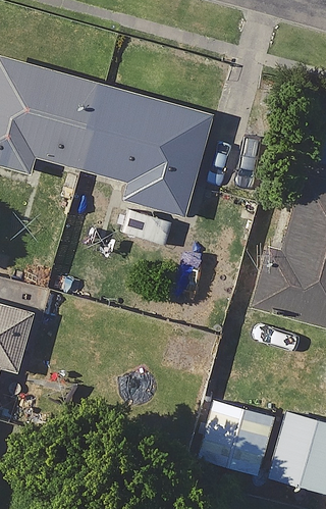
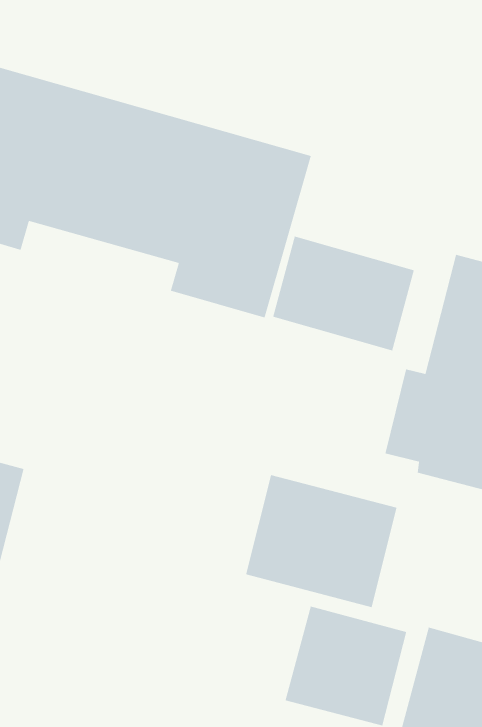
building: none -> [272,235,415,351]
building: none -> [245,474,397,608]

